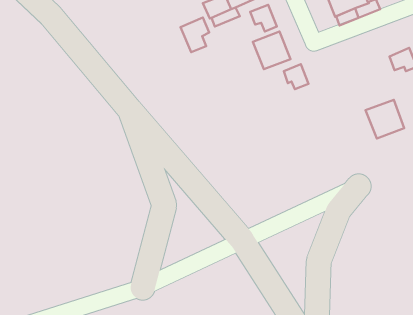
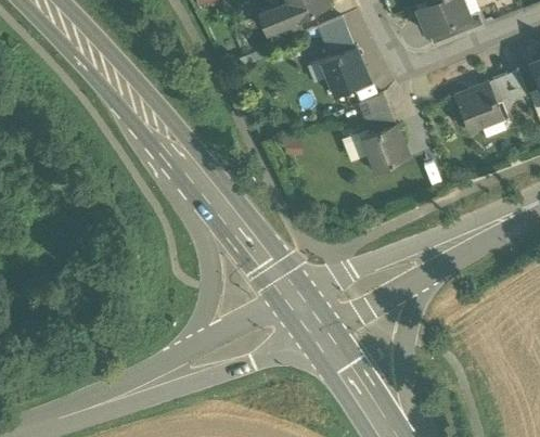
building: [181,18,209,52] -> none
building: none -> [362,124,409,170]
building: [366,100,404,139] -> [453,83,502,132]

